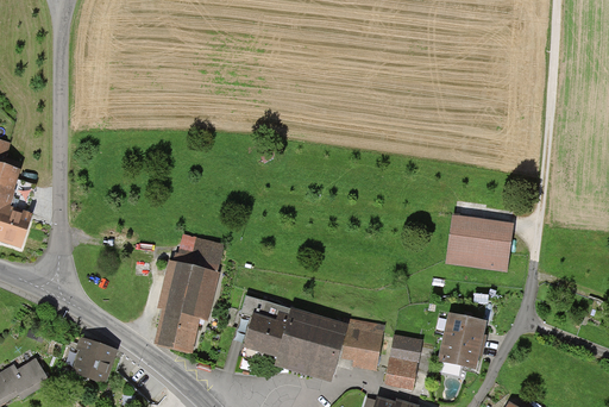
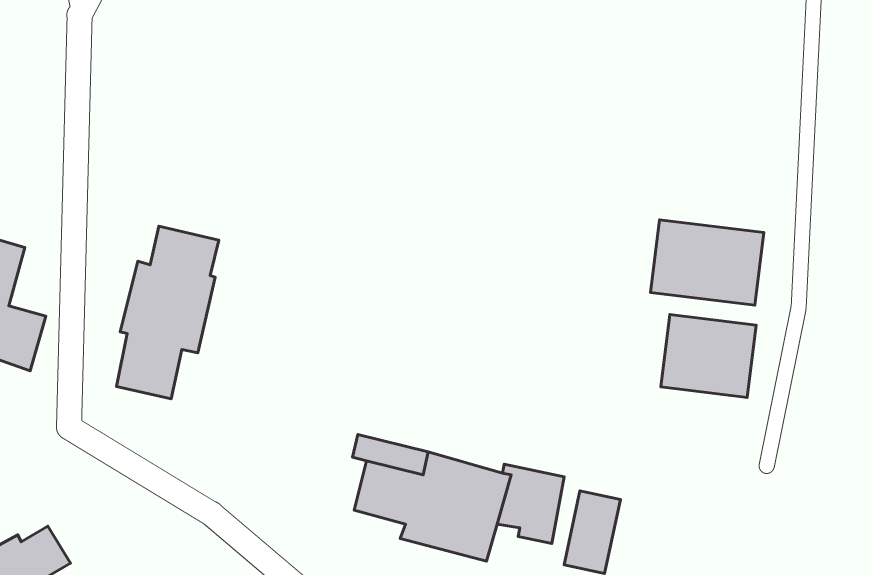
building: none -> [651,220,764,305]
building: [155,234,224,351] -> [117,226,219,399]
building: [438,311,488,368] -> none
building: [70,337,117,383] -> none

